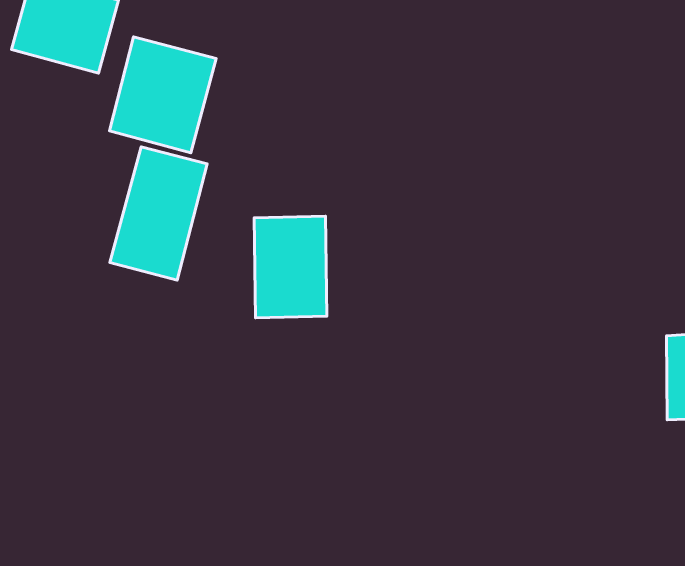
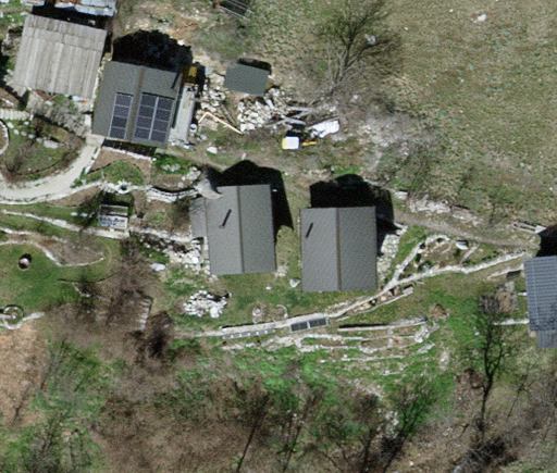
building: [110,147,207,280] -> none
building: none -> [309,214,369,284]

